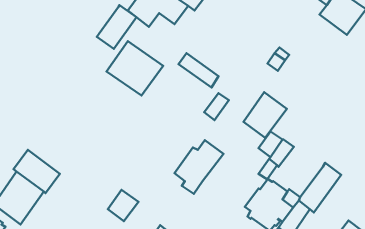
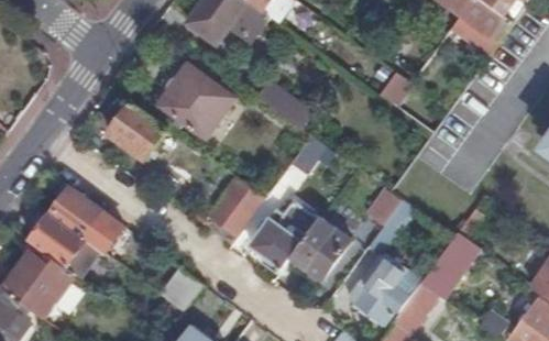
building: [97,5,136,49] -> none
building: none -> [108,101,166,158]
building: [243,92,287,138] -> [290,217,350,279]
building: none -> [200,176,264,244]
building: none -> [48,187,121,253]

